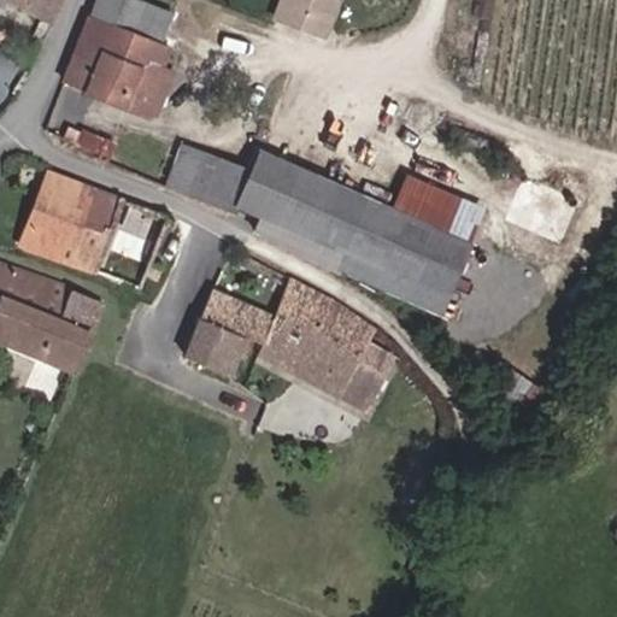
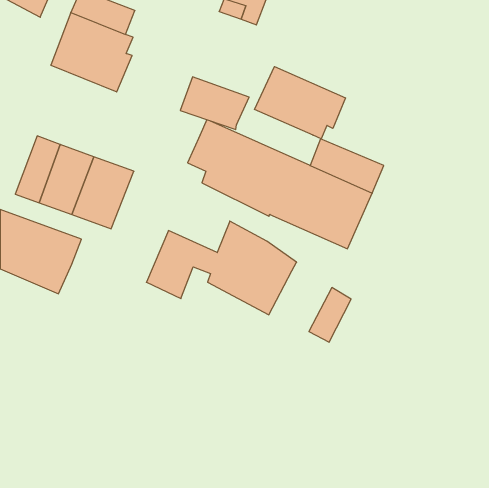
building: none -> [254,67,345,139]
building: [165,145,252,211] -> [180,77,249,130]
building: [339,341,392,410] -> [309,288,351,342]

